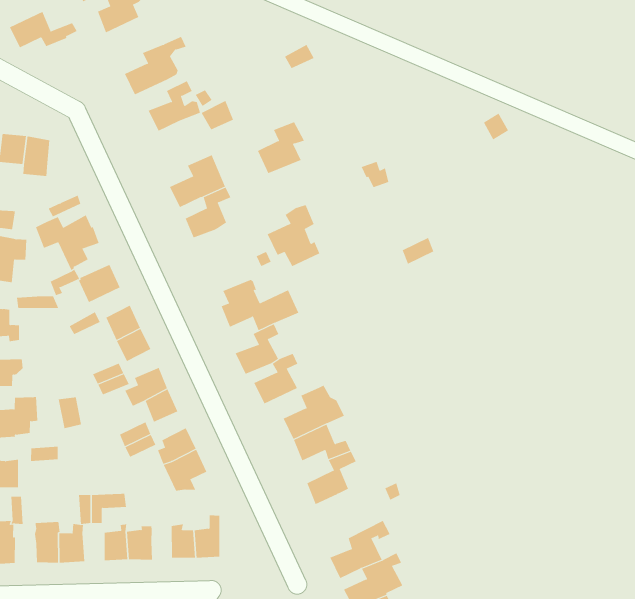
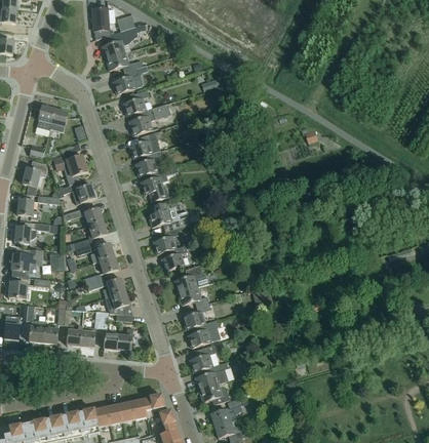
building: [9,11,78,48] -> [106,51,143,71]
building: [257,121,305,174] -> [129,108,156,134]
building: [267,204,320,267] -> [141,168,168,201]
building: none -> [188,320,221,347]

